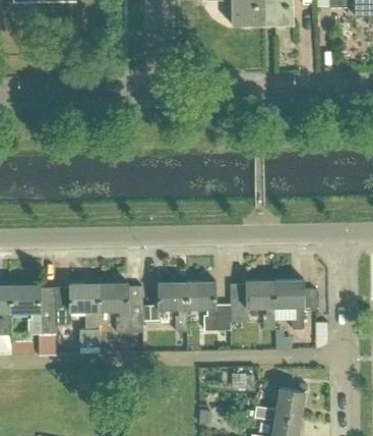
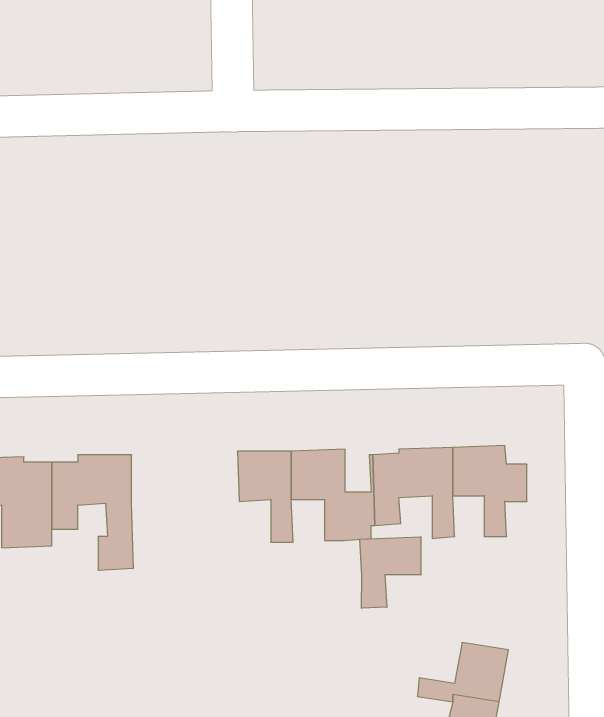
building: [99,283,142,333] -> none
building: none -> [360,537,421,608]

